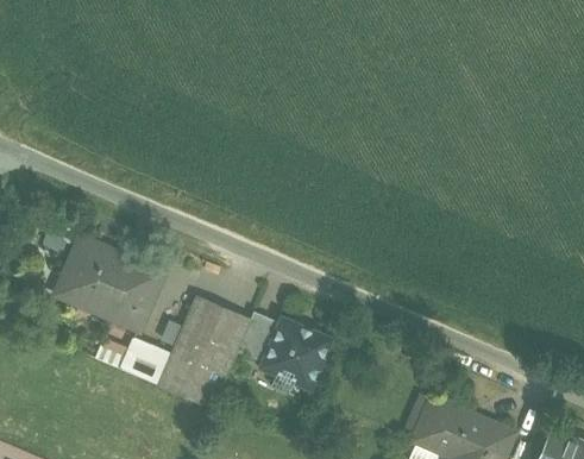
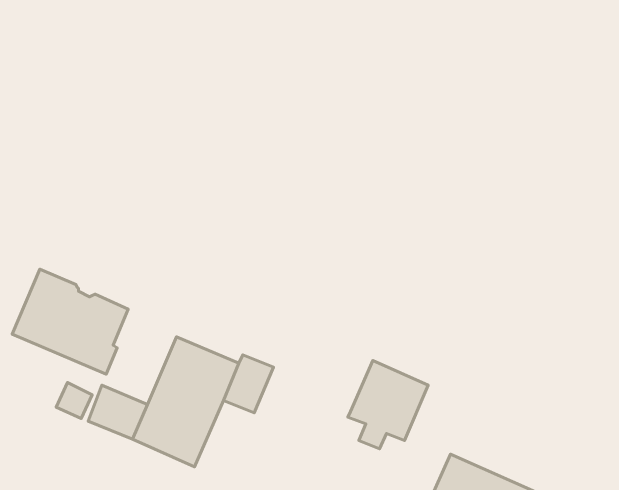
building: [262,319,331,395] -> [348,360,428,449]

